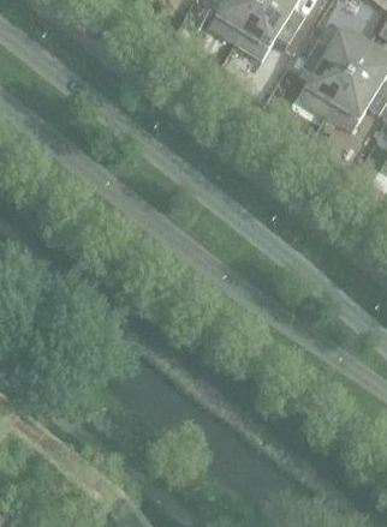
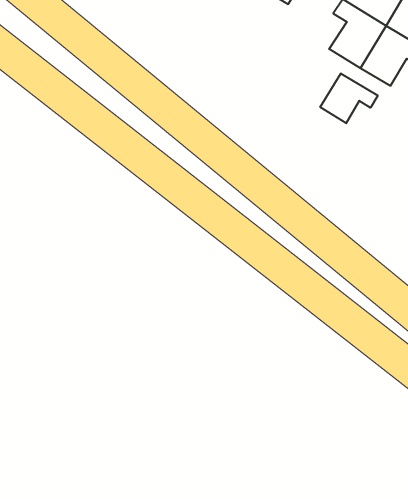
building: none -> [320,73,378,123]

